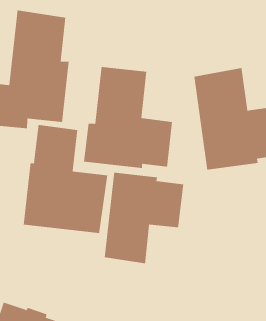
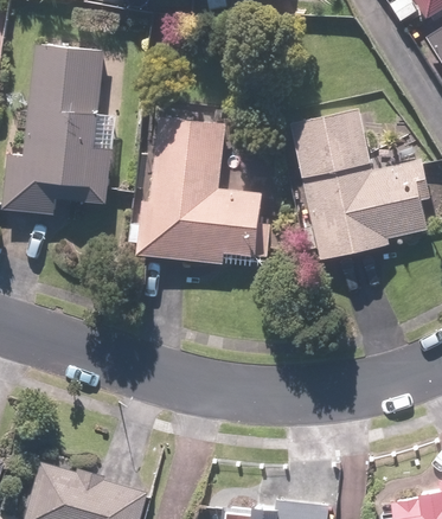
building: [23,124,108,234] -> none
building: [104,172,184,264] -> none

